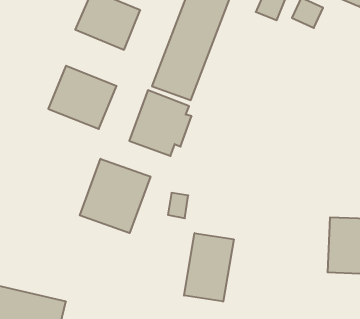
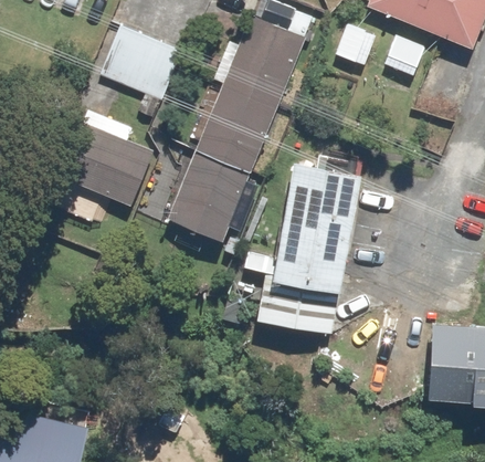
building: none -> [242,162,361,332]
building: [80,159,150,233] -> none
building: [184,233,234,302] -> none

